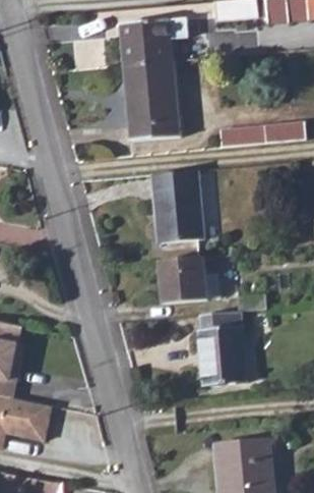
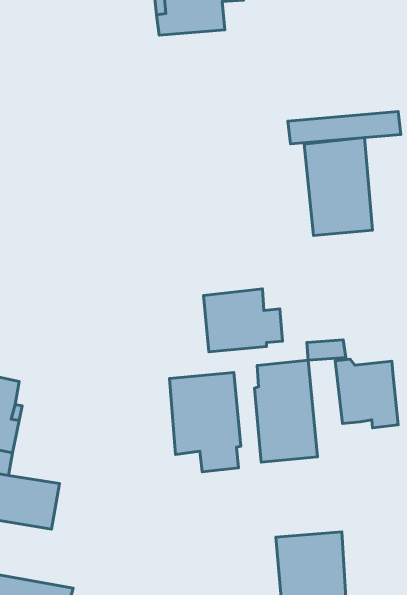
building: [124,59,181,141] -> none
building: [150,169,202,243] -> [304,138,373,236]
building: none -> [335,359,398,428]
building: none -> [170,372,241,472]

